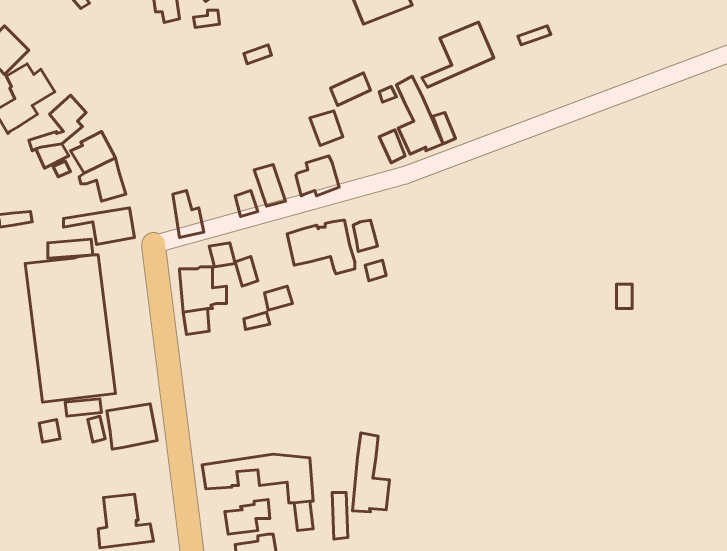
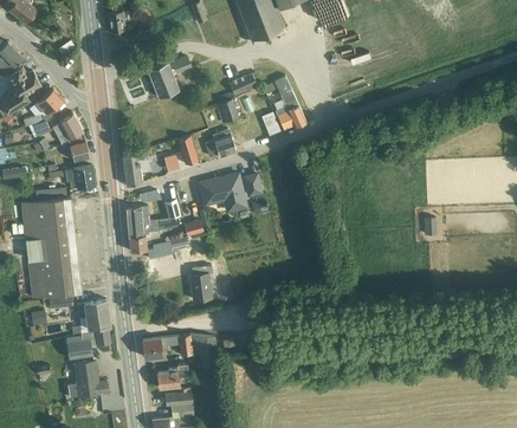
building: [422,22,494,87] -> none
building: none -> [148,61,179,97]
building: none -> [190,265,212,300]
building: [352,433,390,512] -> none
building: none -> [66,329,111,358]

